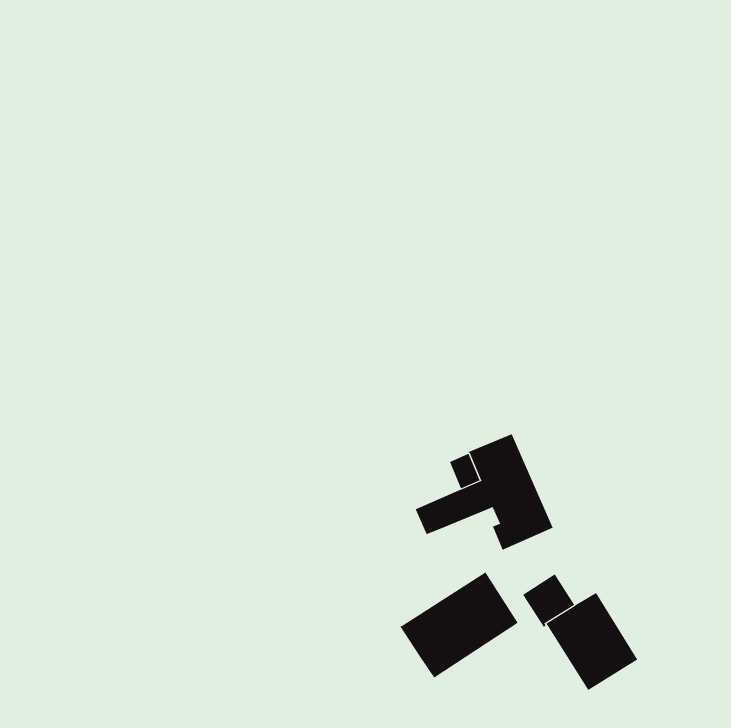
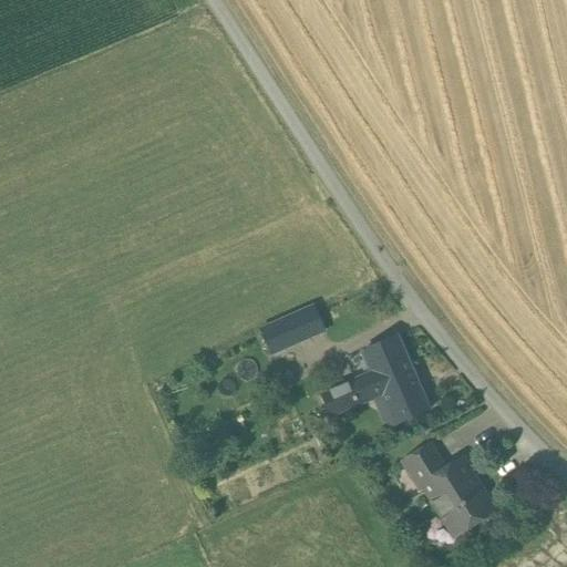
building: none -> [261,310,323,357]
building: [399,571,519,678] -> none

